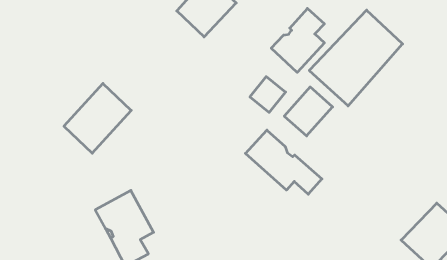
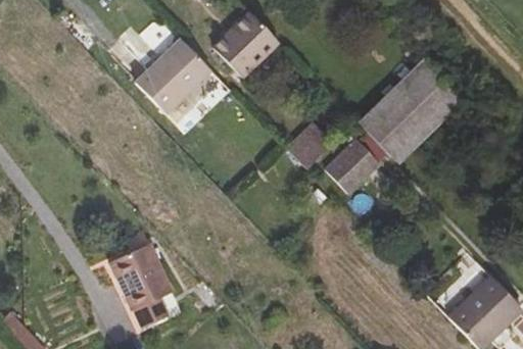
building: [271,8,324,72] -> none
building: [64,83,131,153] -> [135,38,210,114]
building: [245,130,322,194] -> none

